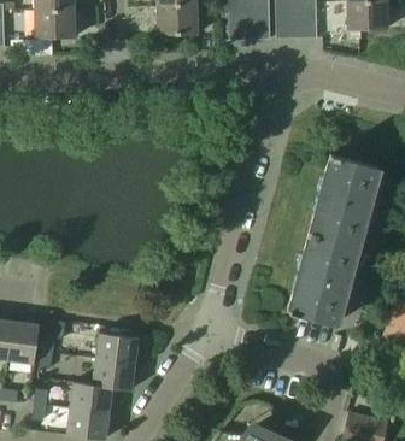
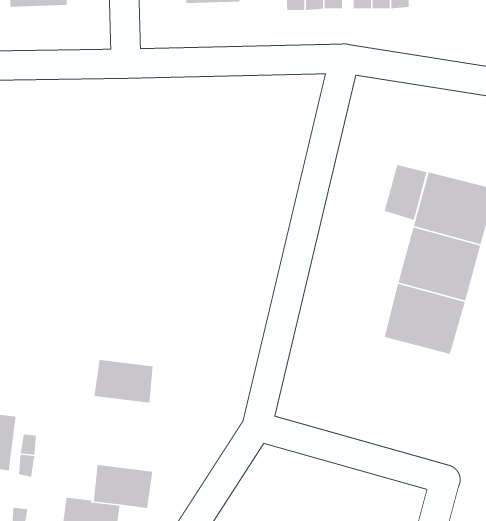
building: none -> [383,164,428,221]
building: [288,270,346,323] -> none
building: [96,333,139,364] -> [94,359,153,404]

